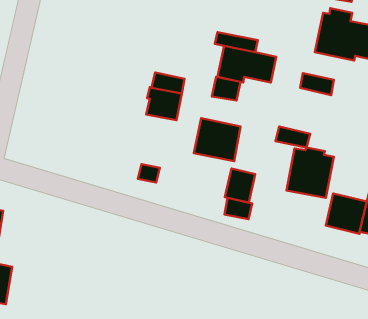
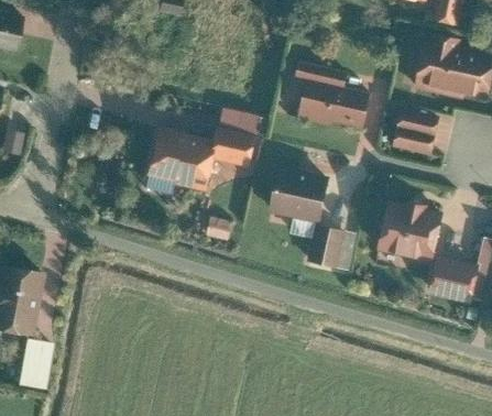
building: [212,77,240,100] -> none
building: none -> [149,130,218,191]
building: [275,126,310,148] -> [394,129,436,154]
building: [224,198,252,219] -> none

